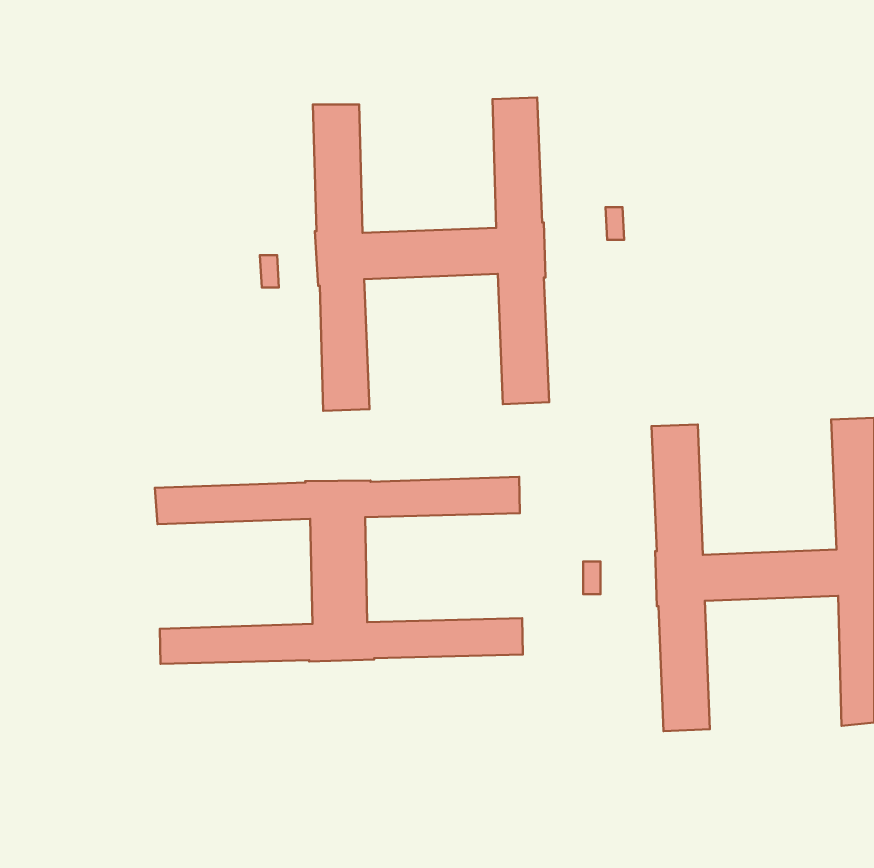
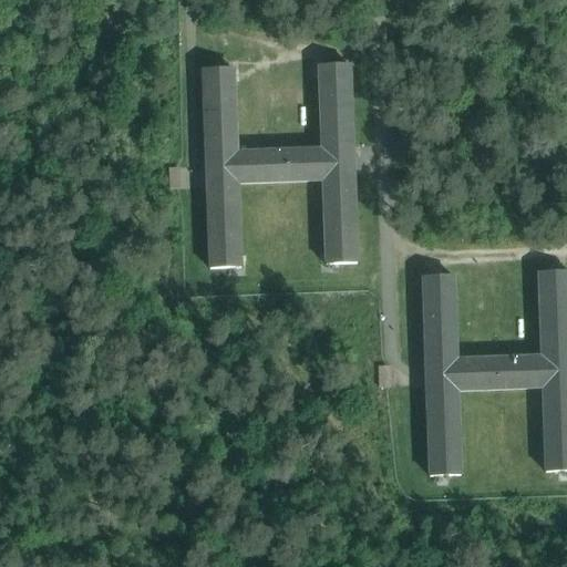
building: [155,477,523,664] -> none

